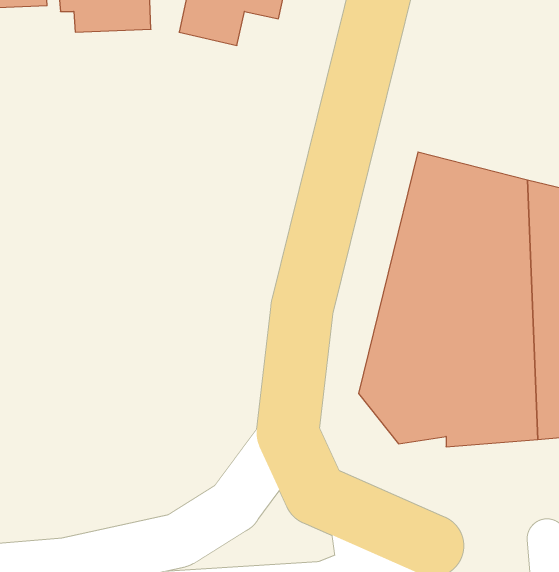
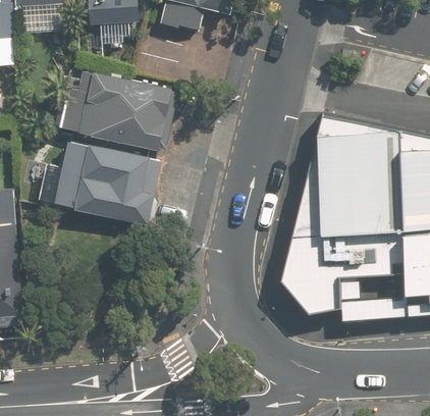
building: none -> [62,70,172,150]
building: none -> [54,139,153,223]

